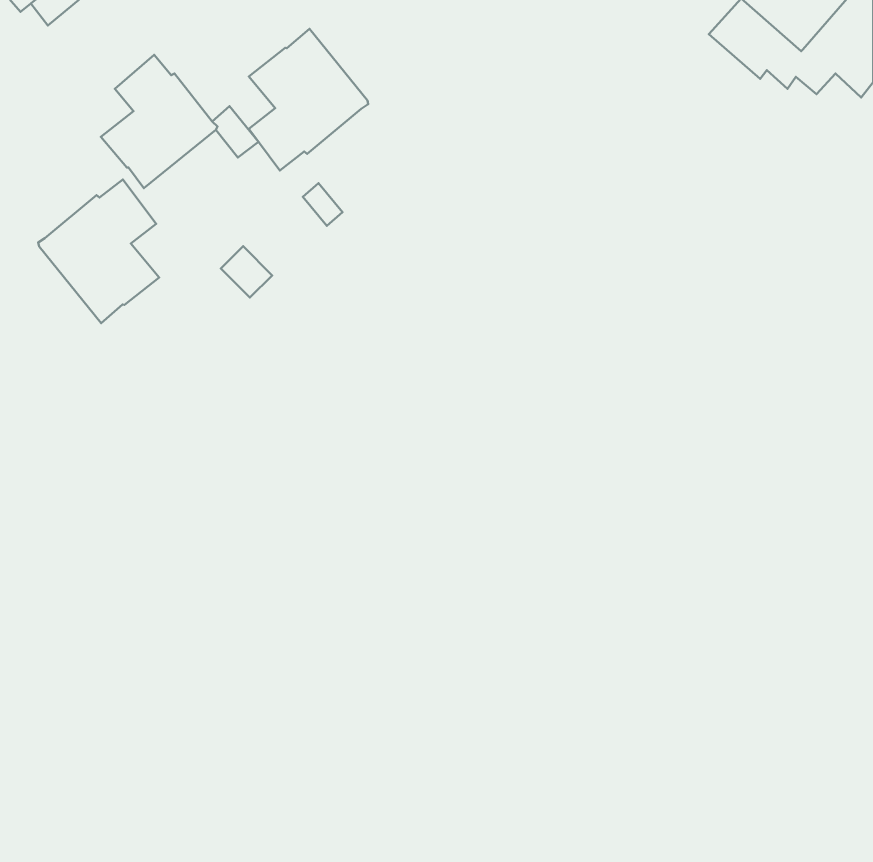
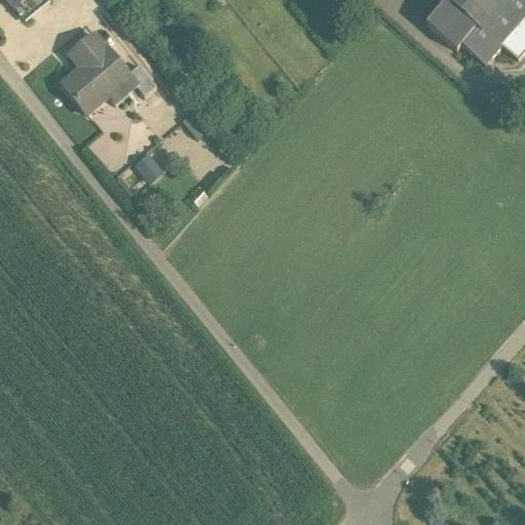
building: [249,29,368,171] -> none
building: [38,179,159,323] -> none

